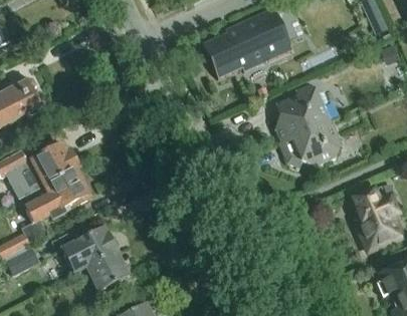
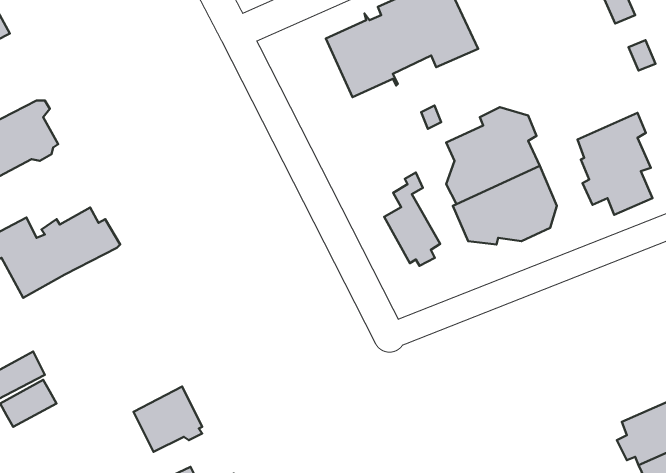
building: none -> [384,173,440,266]
building: [24,169,88,223] -> none
building: [353,182,398,243] -> [577,113,653,215]
building: [51,226,119,273] -> none

